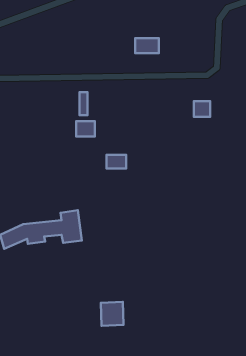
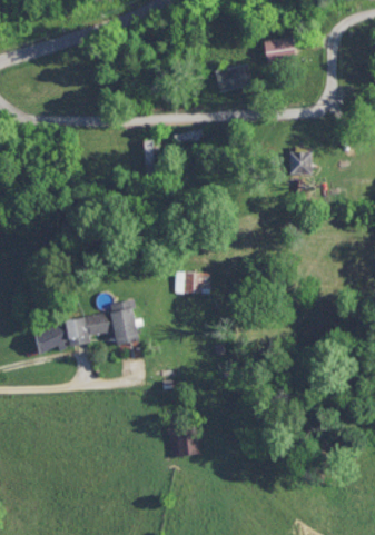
building: none -> [264,37,296,60]
building: [76,121,95,136] -> none
building: [107,155,126,169] -> [177,274,204,293]

